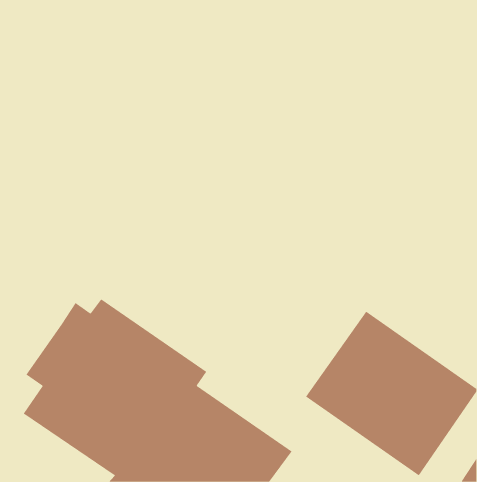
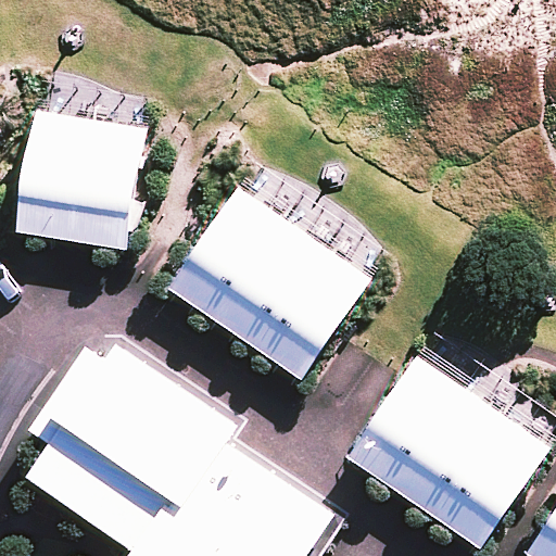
building: none -> [26,112,156,250]
building: none -> [167,187,368,378]

